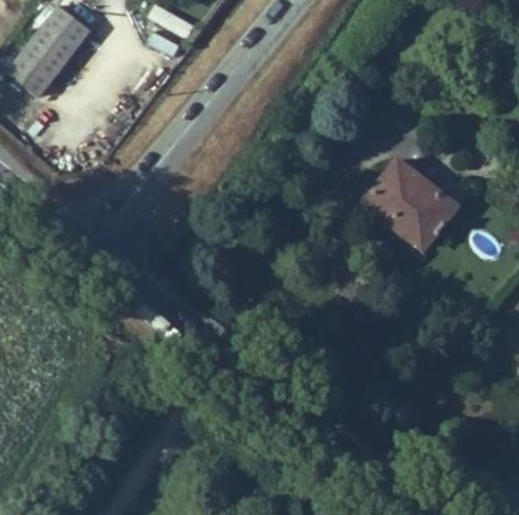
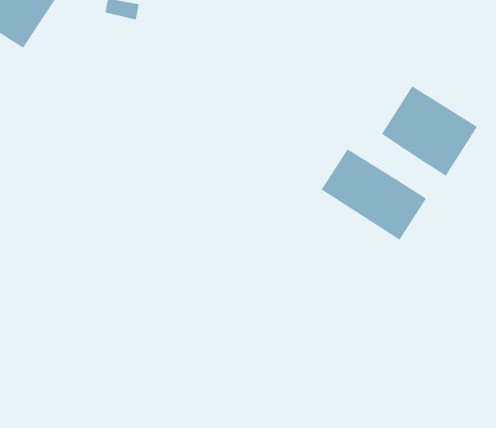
building: none -> [321,148,427,241]

